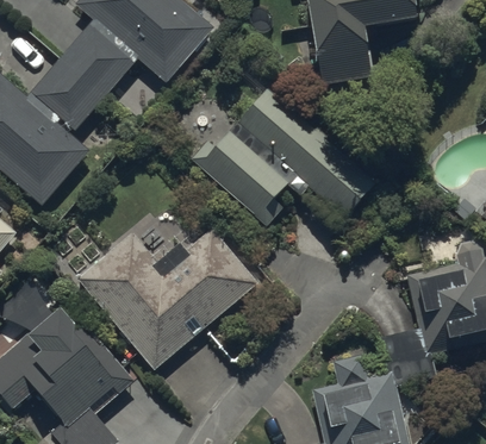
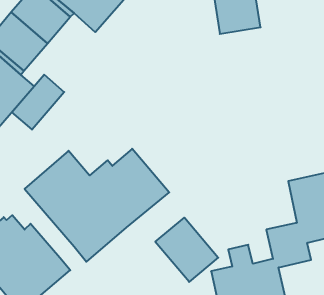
building: [188,81,375,221] -> none
building: none -> [12,75,64,130]
building: none -> [155,218,218,282]

